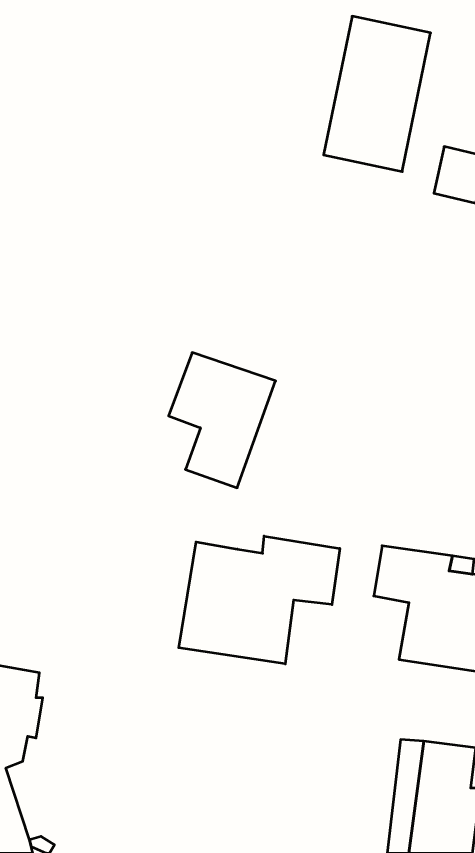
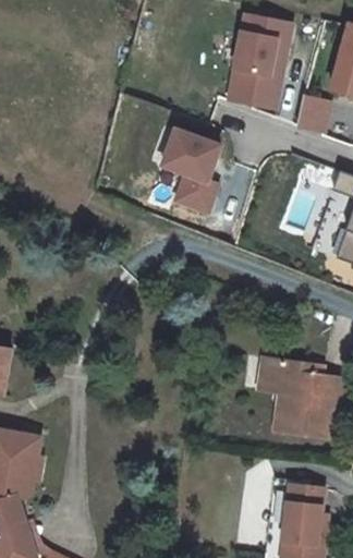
building: [169,353,276,488] -> [160,125,230,214]
building: [179,536,340,664] -> none

